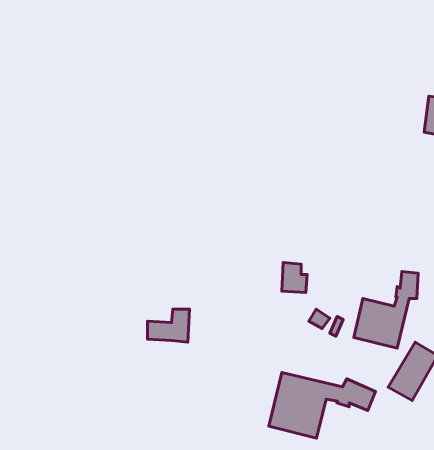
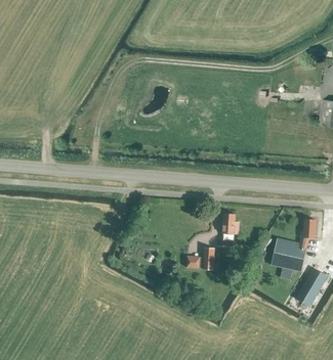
building: [147,309,189,342] -> [186,248,215,270]
building: [269,372,376,438] -> none

